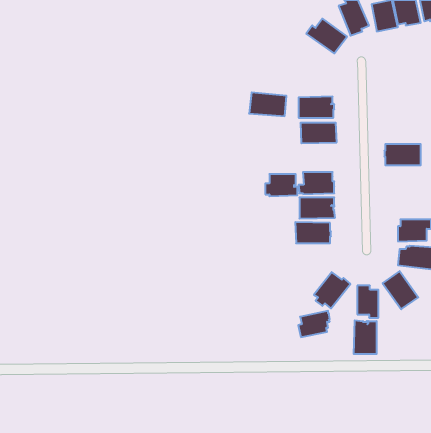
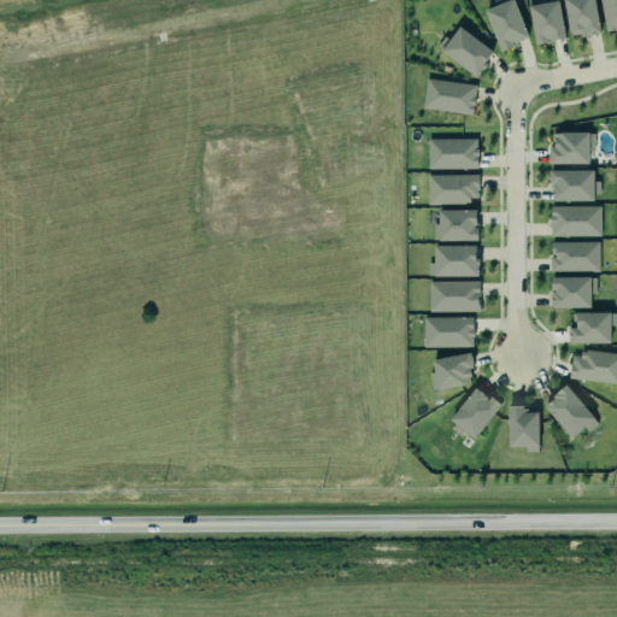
building: [249,92,286,116] -> [425,80,478,113]
building: none -> [548,133,588,163]
building: none -> [550,170,600,200]
building: none -> [550,240,600,271]
building: [265,174,297,196] -> [433,210,478,241]
building: none -> [553,277,599,308]
building: [298,311,330,337] -> [429,352,474,389]
building: [354,320,377,354] -> none

